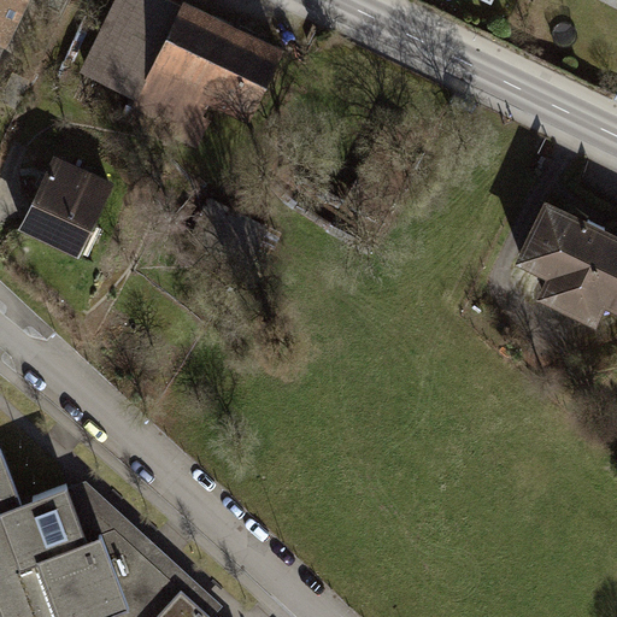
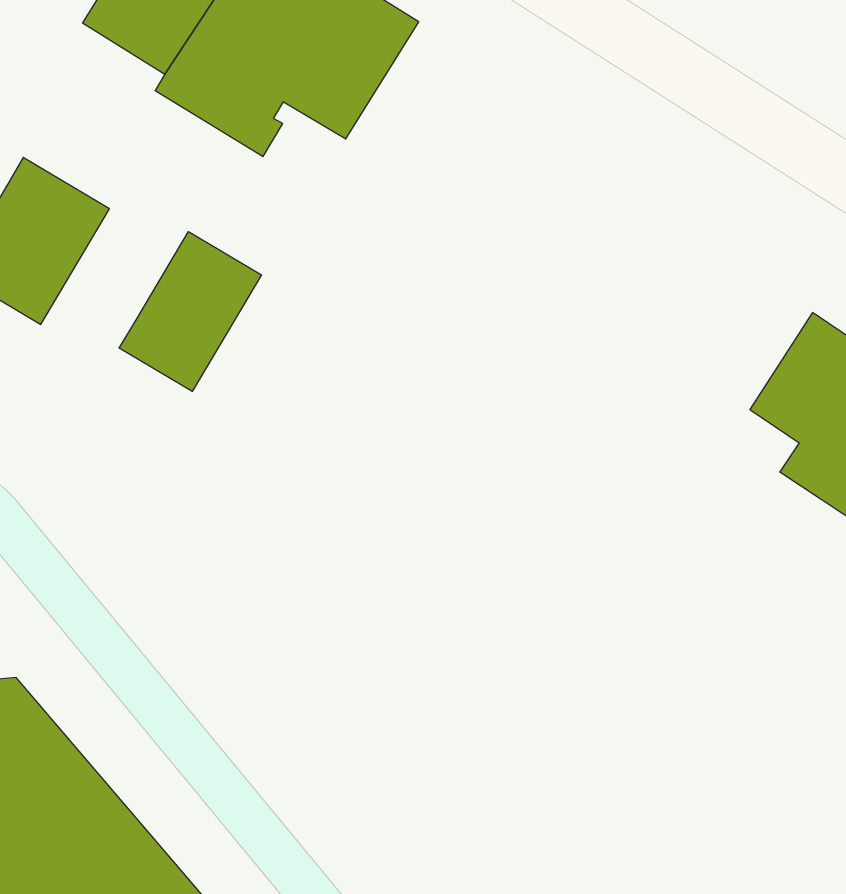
building: none -> [119,232,262,391]

